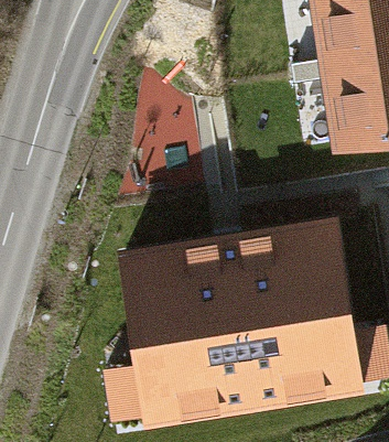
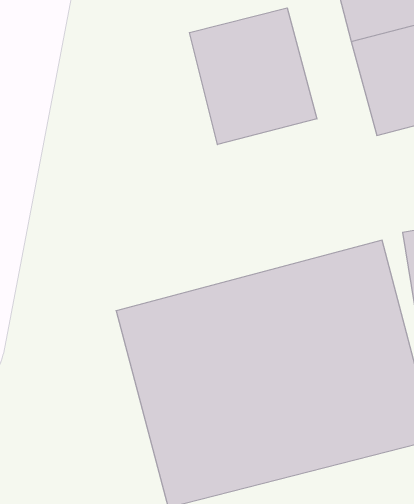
building: none -> [189,8,317,145]

